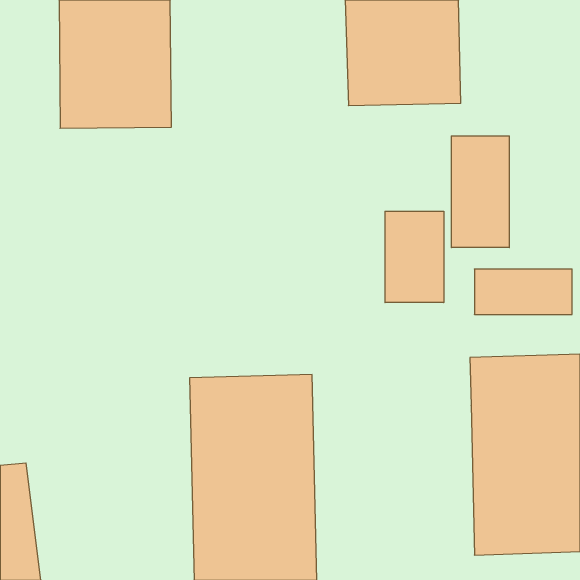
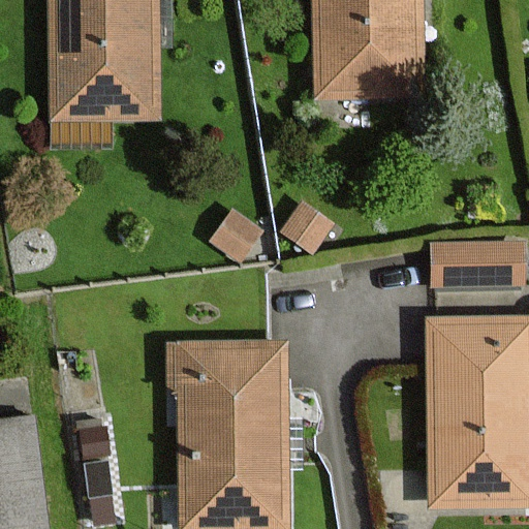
building: [451,136,509,248] -> none
building: [385,211,444,303] -> none

